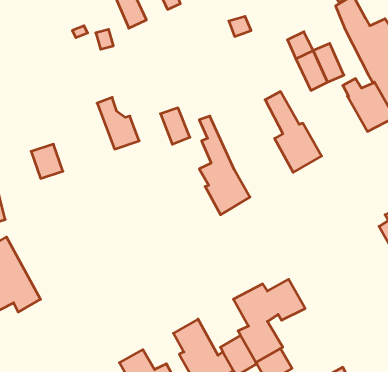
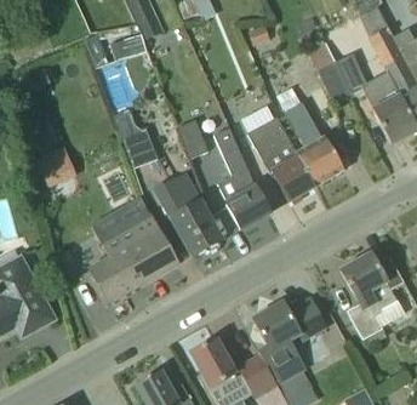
building: none -> [250,118,315,200]
building: none -> [154,170,221,255]
building: none -> [86,209,178,301]
building: none -> [339,252,398,341]

